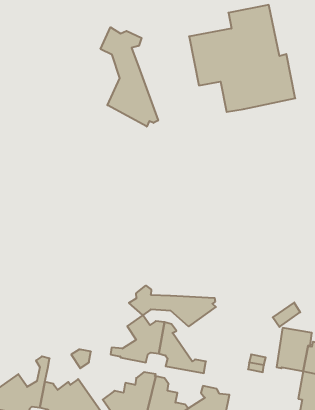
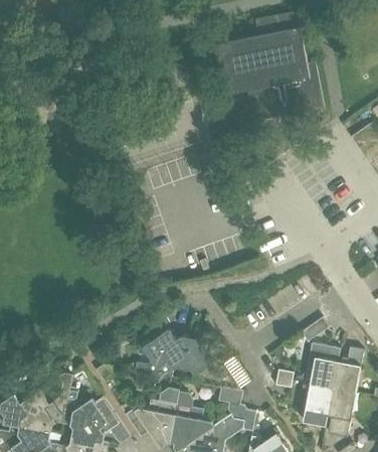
building: [101,27,158,127] -> none
building: [129,286,216,326] -> none
building: none -> [305,383,332,419]

